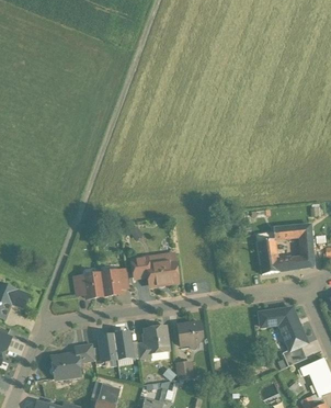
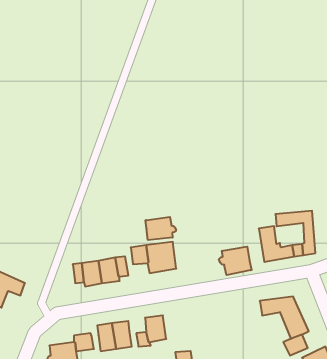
building: none -> [145,217,176,240]
building: none -> [219,247,252,275]
building: [176,320,202,344] -> none

